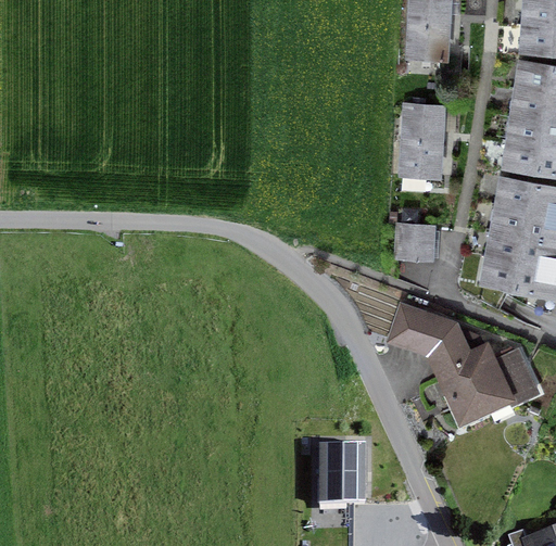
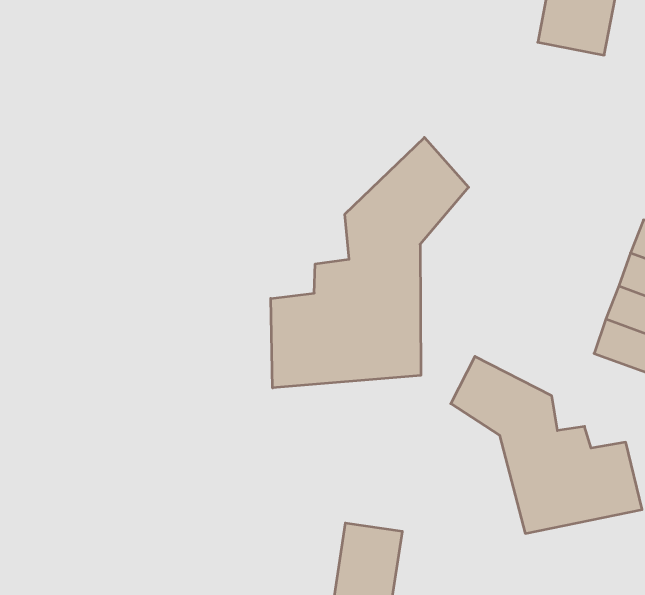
building: [395,103,445,178] -> none
building: none -> [271,137,469,388]
building: [393,224,437,261] -> none

